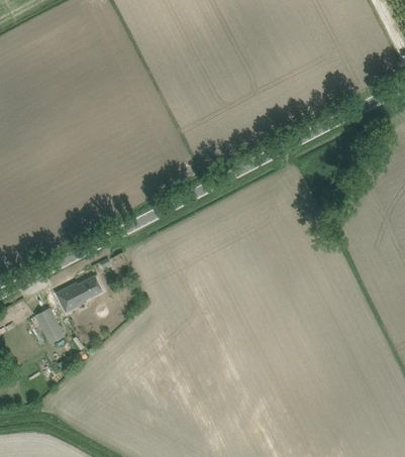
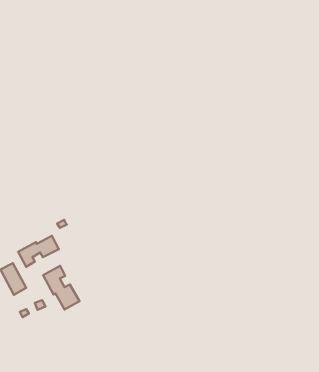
building: none -> [43,266,79,310]

